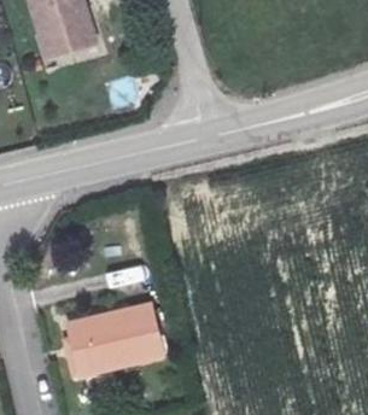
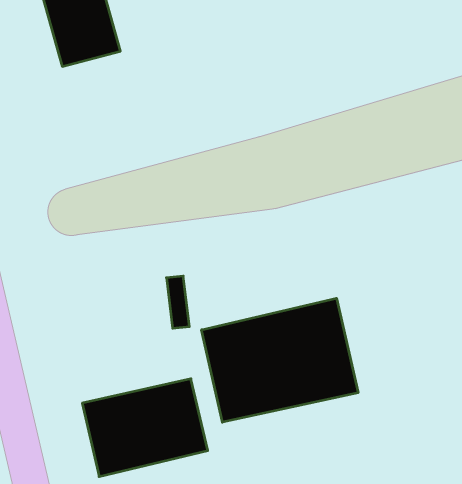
building: none -> [202,298,358,422]

